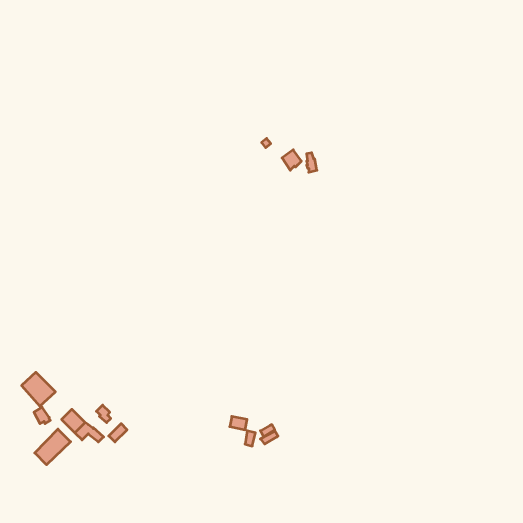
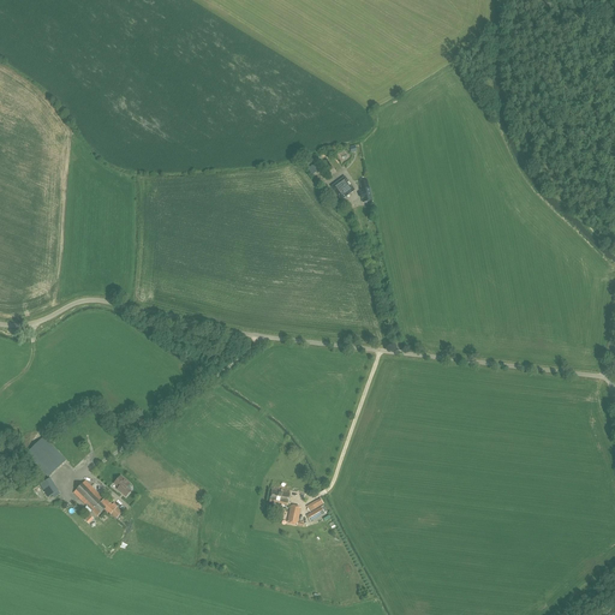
building: [35,429,71,465] -> none

